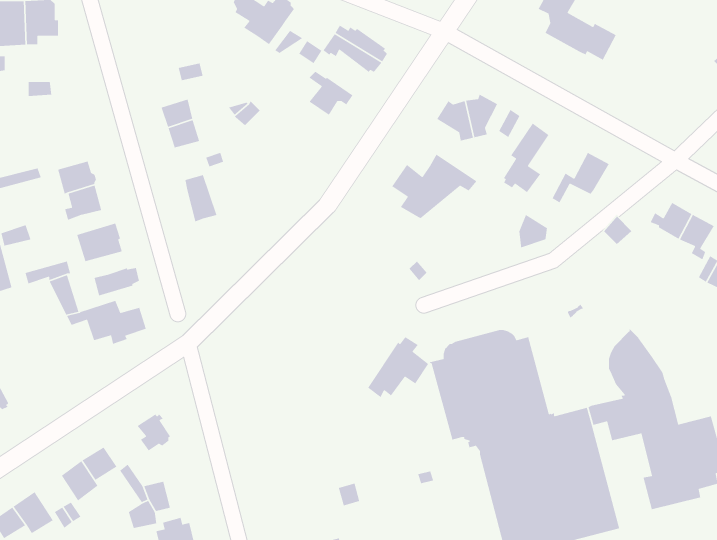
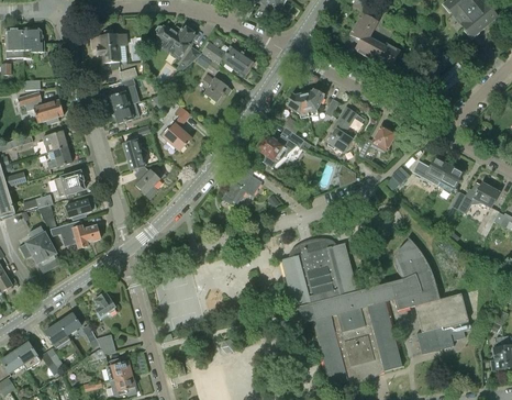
building: none -> [92,34,126,67]
building: none -> [18,91,64,124]
building: none -> [163,105,192,152]
building: none -> [135,166,160,198]
building: none -> [20,226,60,273]
building: [367,336,429,398] -> [222,165,261,204]

